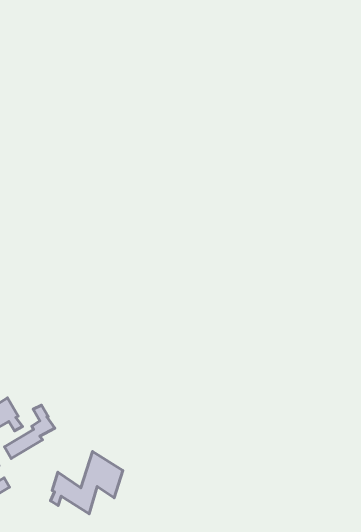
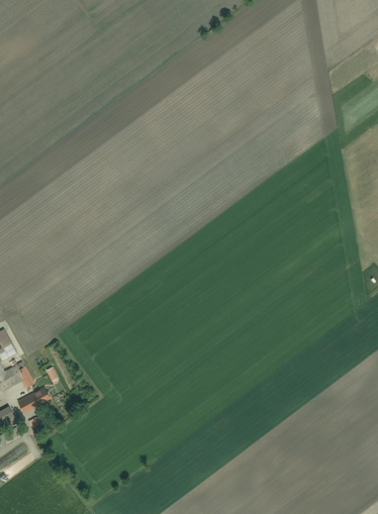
building: [50,451,123,514] -> none

